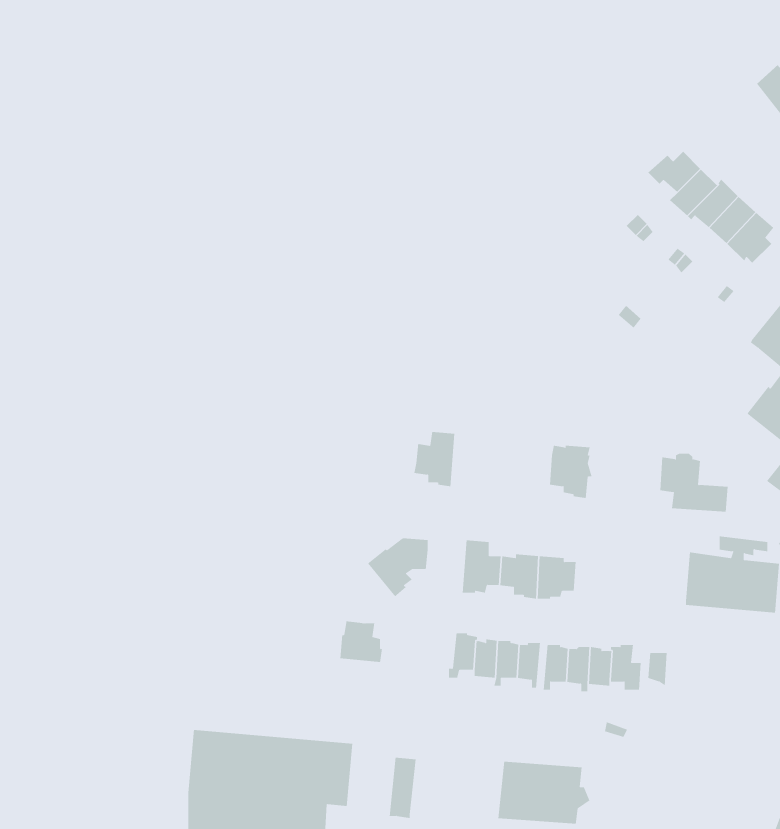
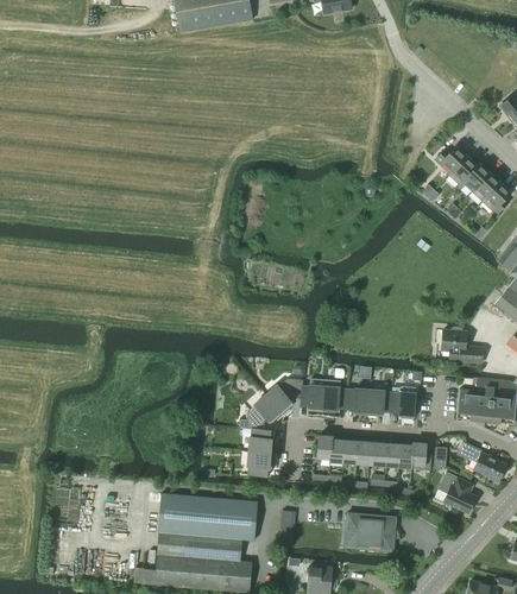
building: [414,432,455,487] -> [301,378,326,411]
building: [549,445,593,499] -> [391,386,417,418]
building: none -> [239,393,283,429]
building: none -> [461,442,506,480]
building: none -> [248,450,275,475]
building: none -> [439,472,477,512]

